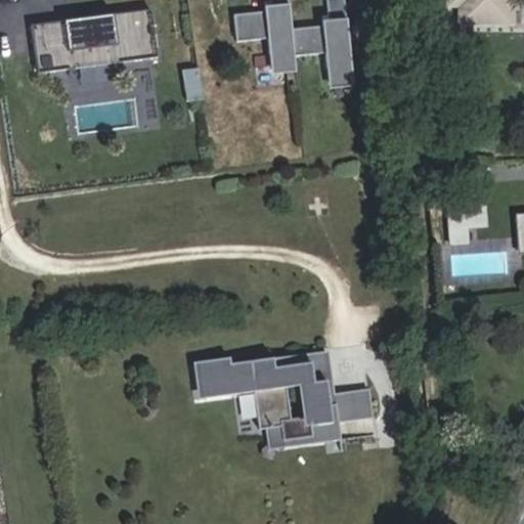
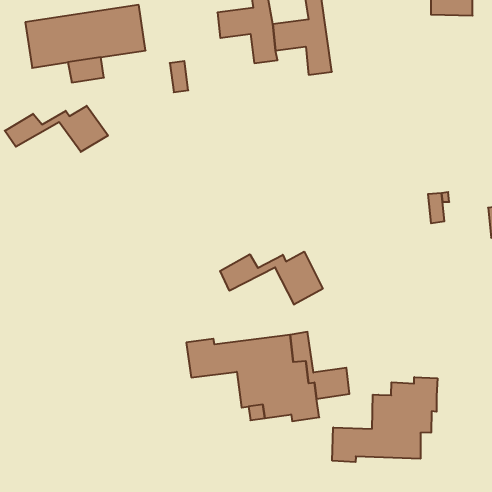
building: none -> [5,106,108,152]
building: none -> [220,252,323,305]
building: none -> [332,377,437,462]

